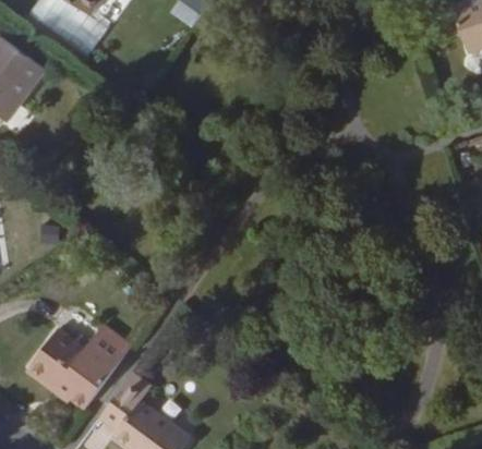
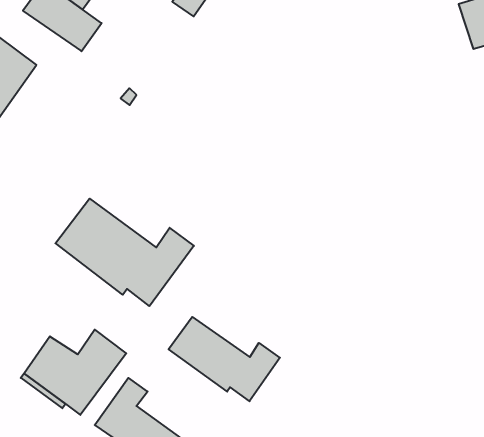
building: none -> [55,199,194,306]
building: none -> [169,317,280,401]

